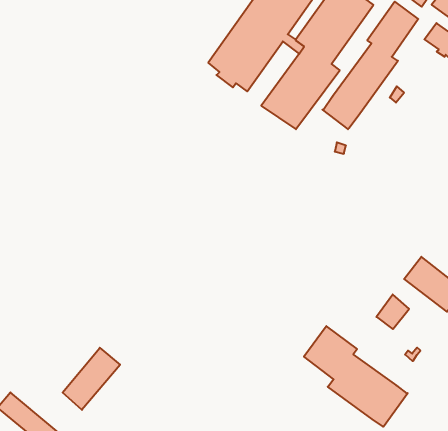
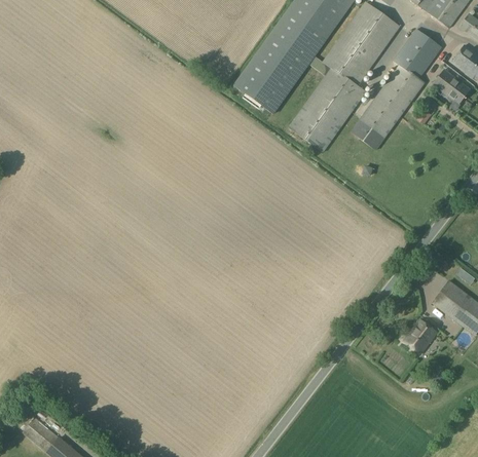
building: none -> [433,69,470,106]
building: [304,326,408,427] -> none
building: [63,348,120,410] -> none

